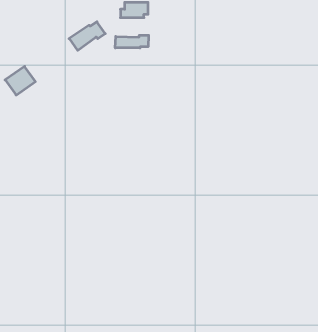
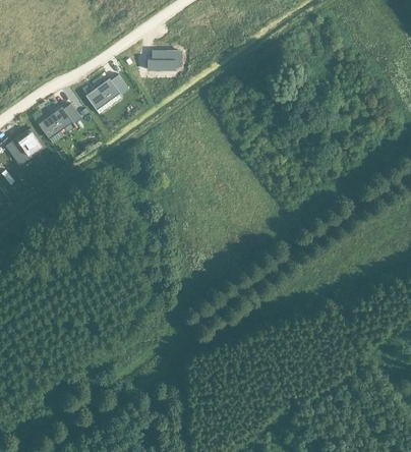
building: [115,35,149,48] -> none
building: none -> [38,106,71,137]

